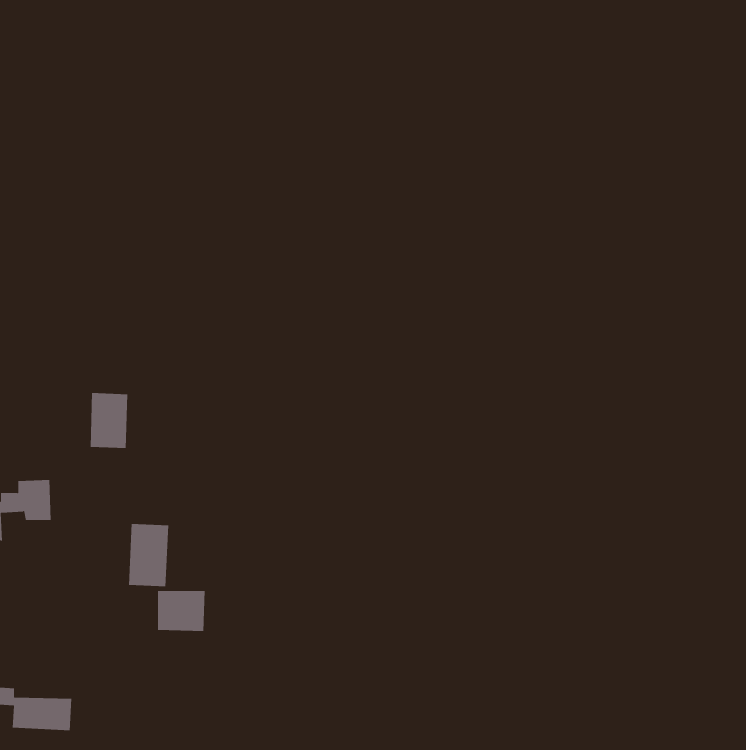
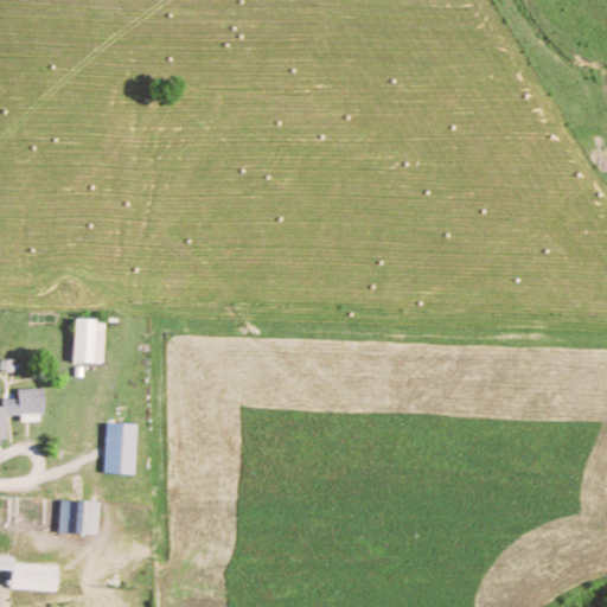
building: [157,590,206,632] -> [59,500,98,533]

